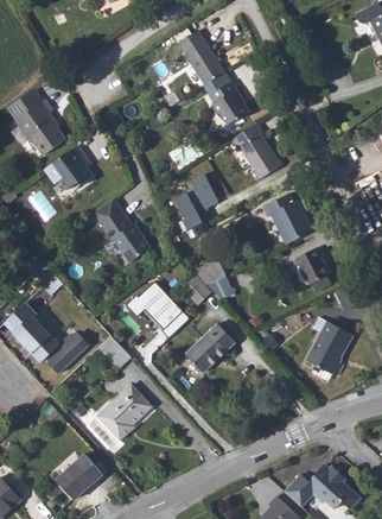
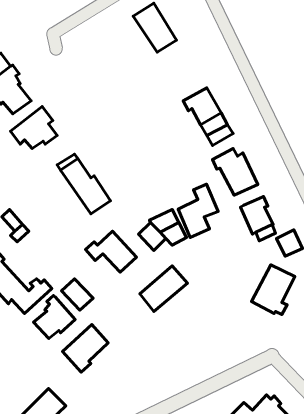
building: [208,81,248,125] -> none
building: [172,172,216,230] -> [178,184,218,237]
building: none -> [33,295,75,338]

